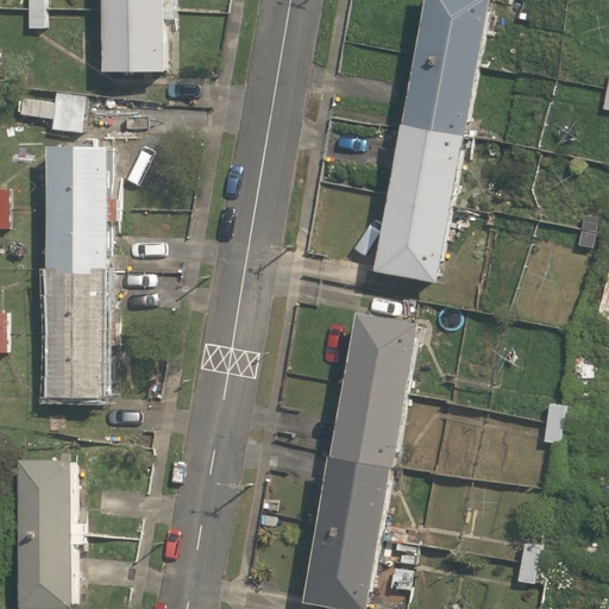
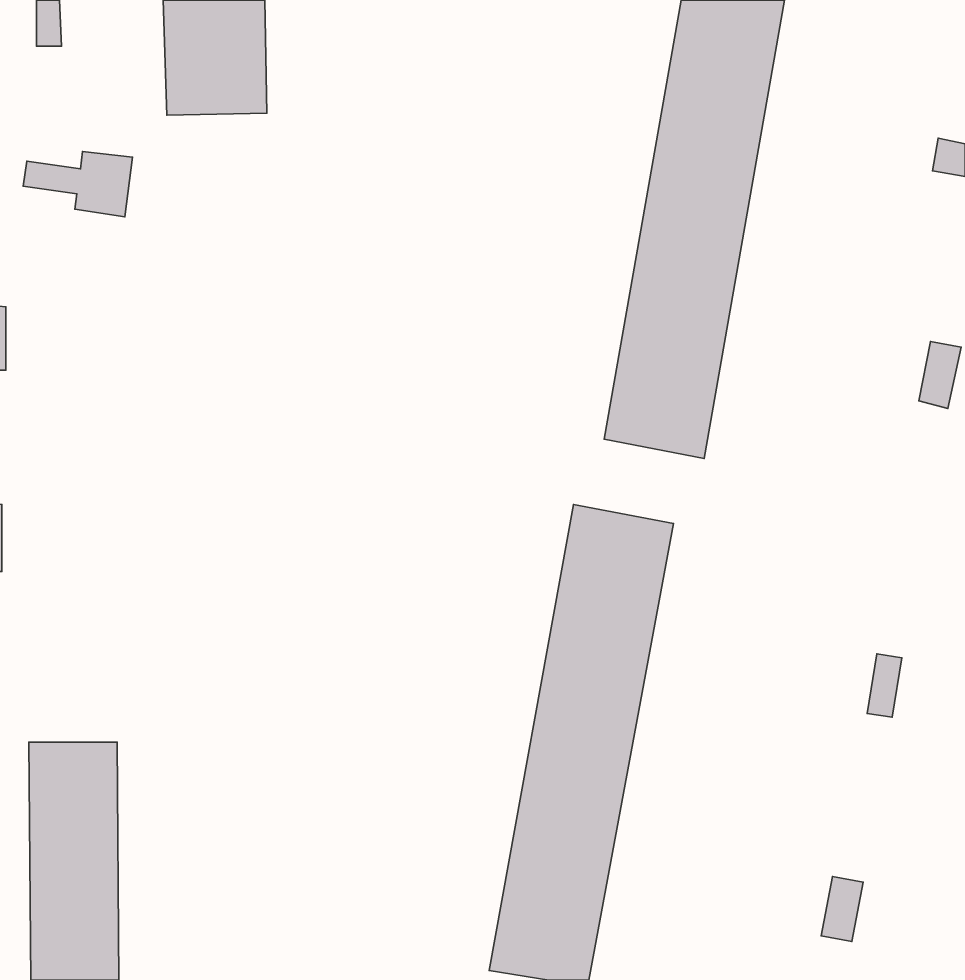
building: [45,150,108,397] -> none

